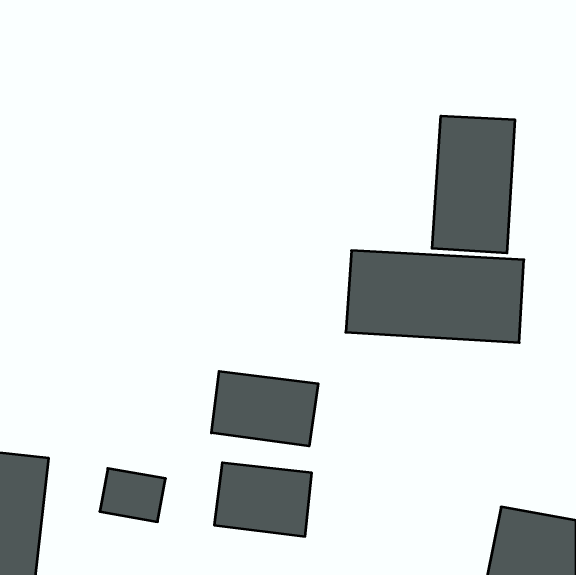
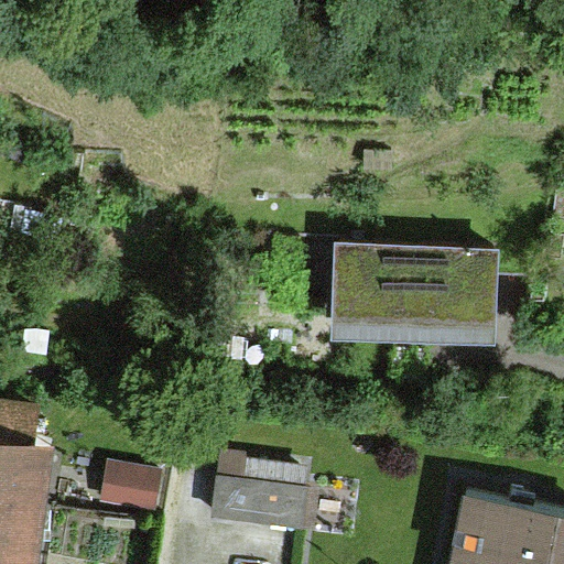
building: [432,116,515,253] -> none
building: [211,371,318,446] -> none

